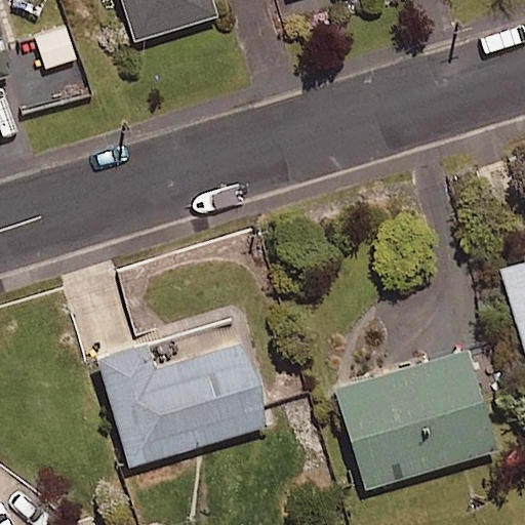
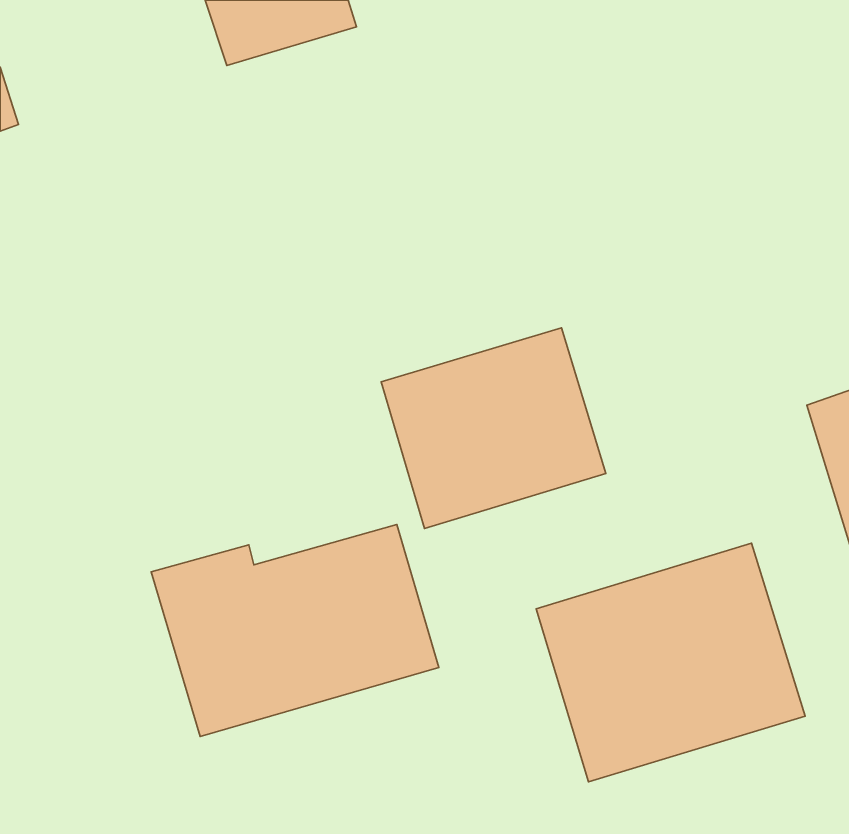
building: none -> [381,328,606,529]

